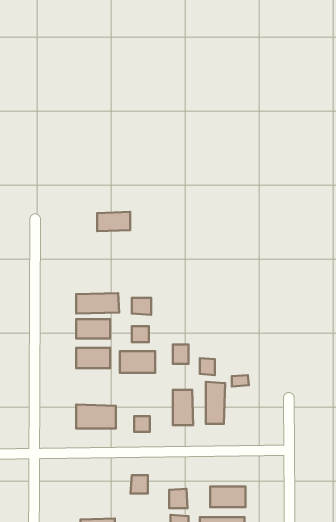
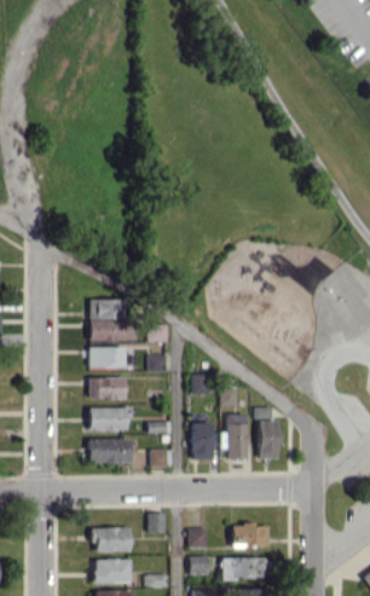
building: [97,212,130,231] -> [89,299,125,319]
building: [120,351,155,373] -> [89,407,127,430]
building: none -> [259,421,279,458]
building: none -> [93,527,131,551]

